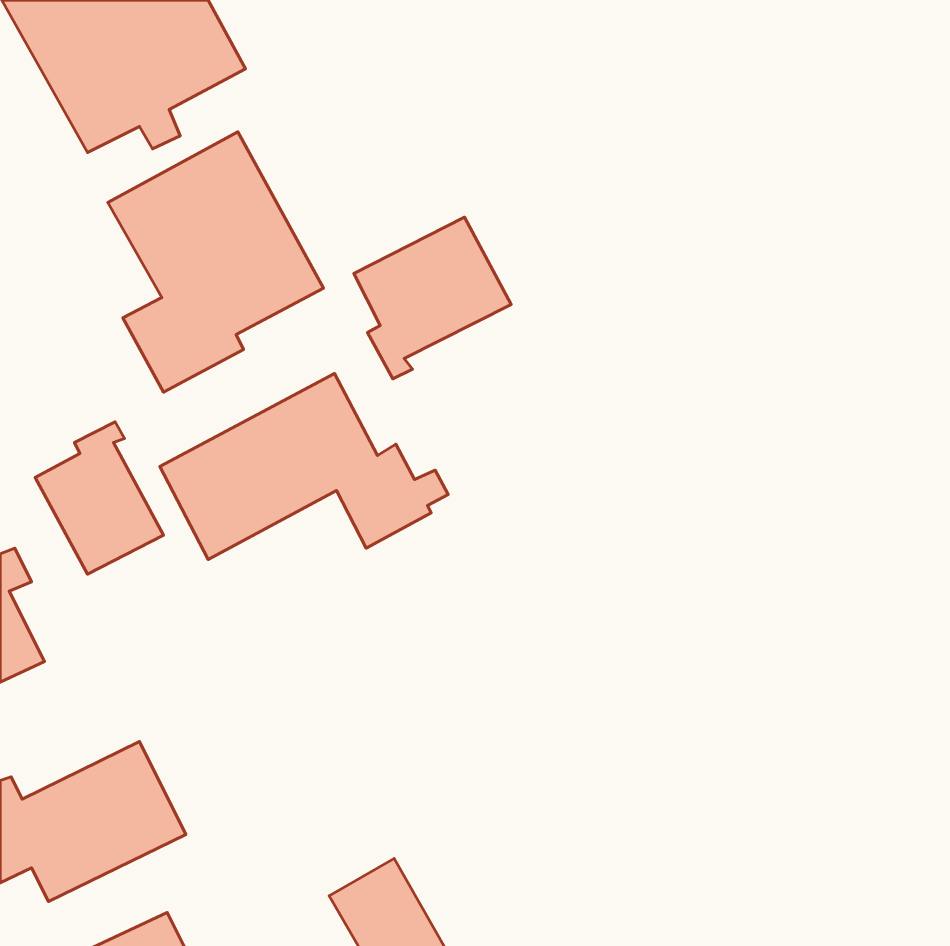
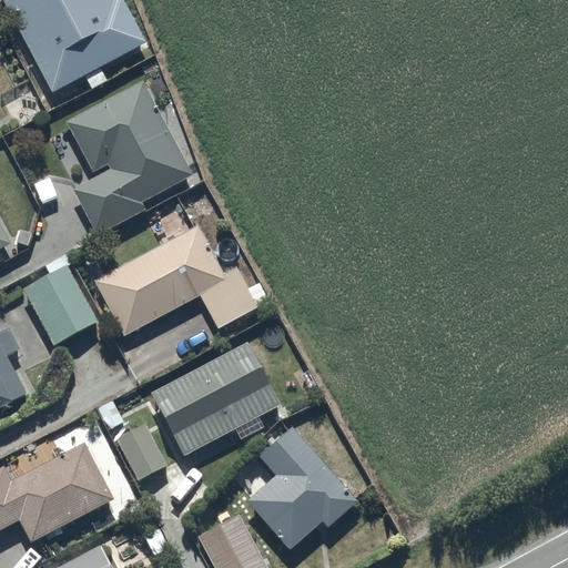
building: [354,217,511,379] -> none
building: none -> [151,342,280,454]
building: none -> [109,412,166,481]
building: none -> [248,425,356,549]

